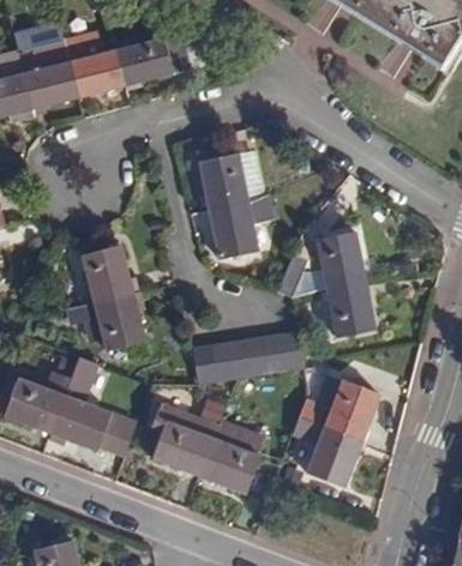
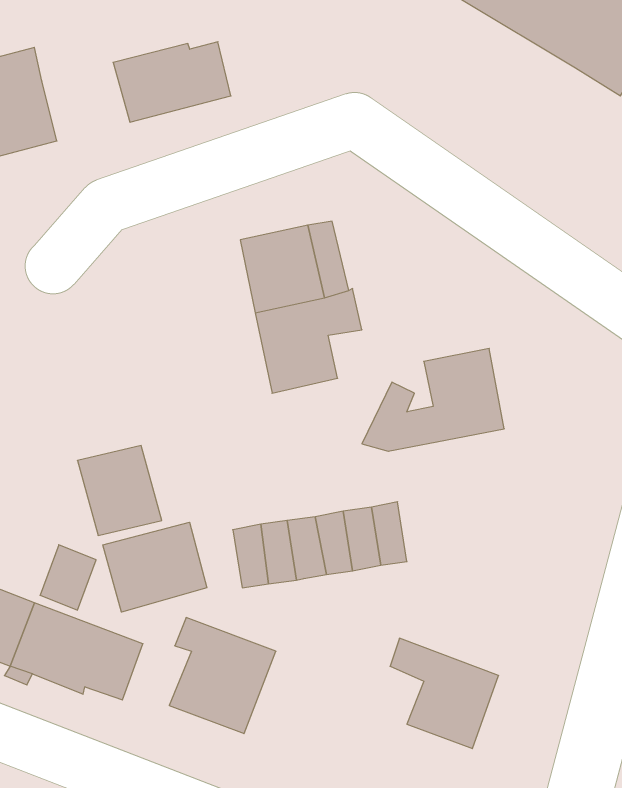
building: [70,48,126,98] -> none
building: [79,245,133,303] -> none
building: [323,283,376,338] -> none
building: none -> [103,522,207,612]
building: [299,372,382,441] -> none
building: [199,423,263,495] -> none

